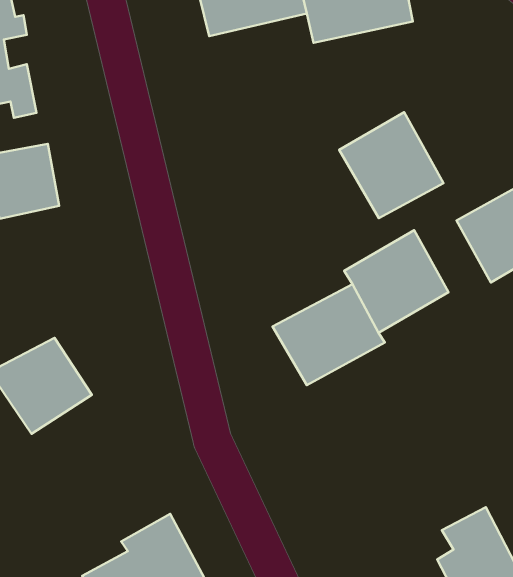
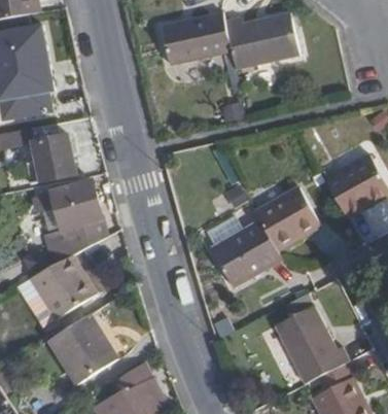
building: [339,112,443,218] -> none
building: none -> [50,177,100,254]
building: none -> [273,305,347,382]
building: none -> [45,314,113,384]

